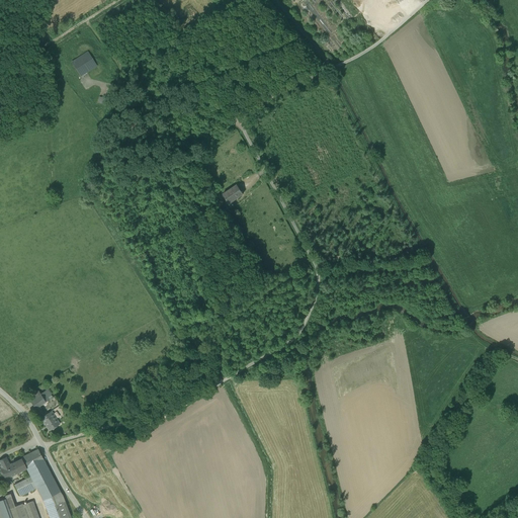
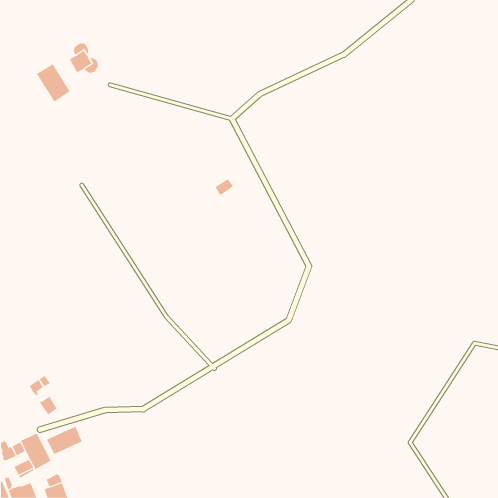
building: none -> [36,63,71,102]
building: none -> [47,426,83,455]

